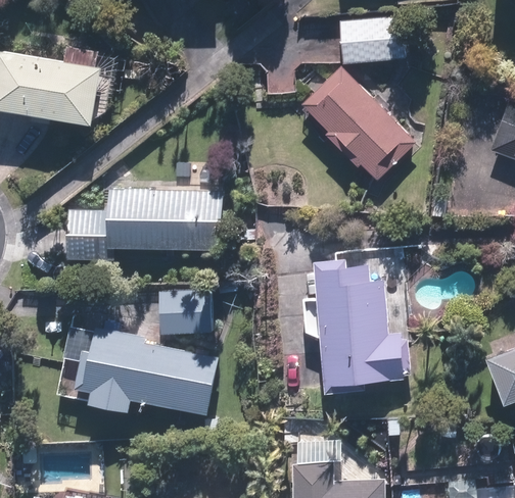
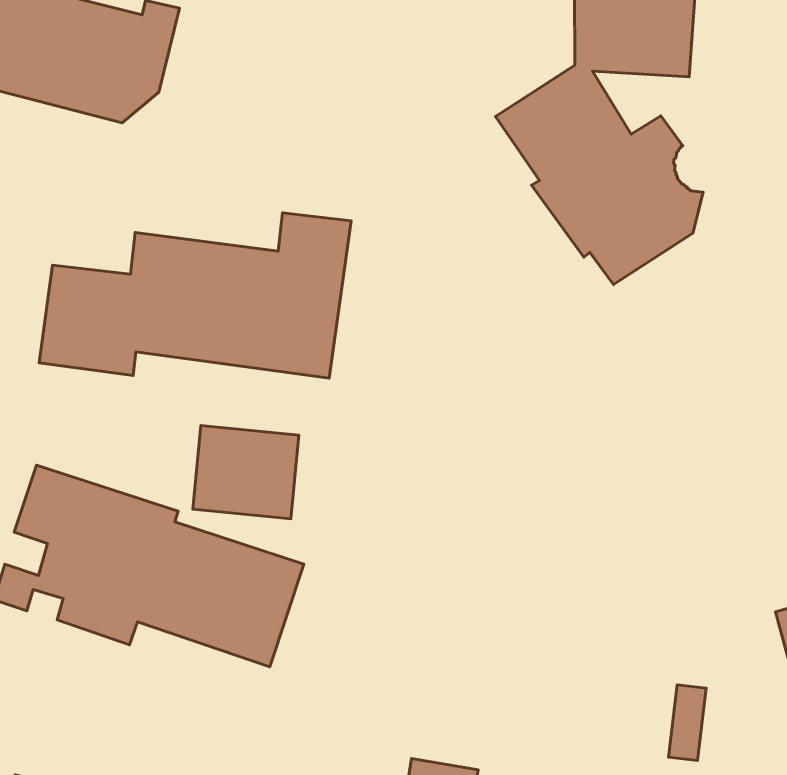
building: [302,250,410,394] -> none

